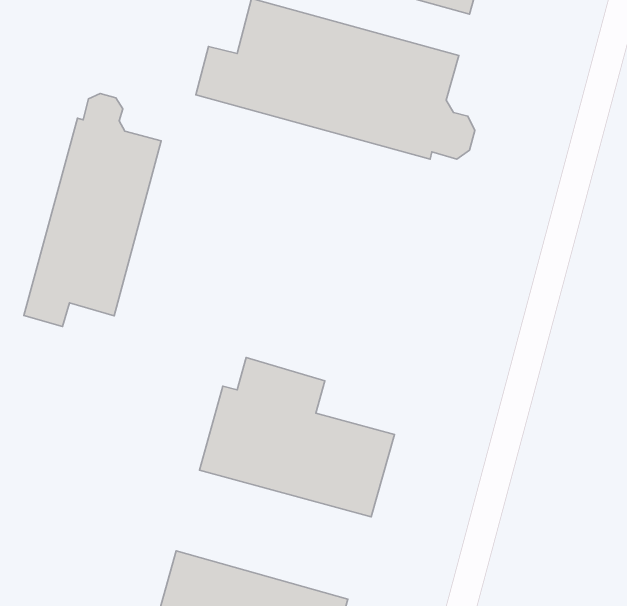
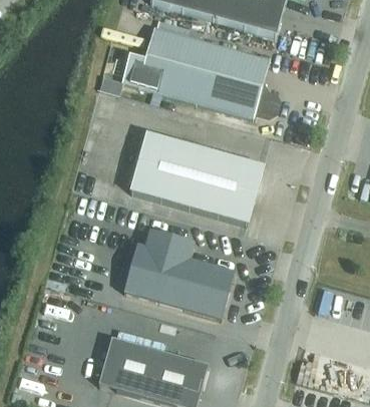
building: [24,93,161,327] -> none
building: none -> [130,132,264,223]

